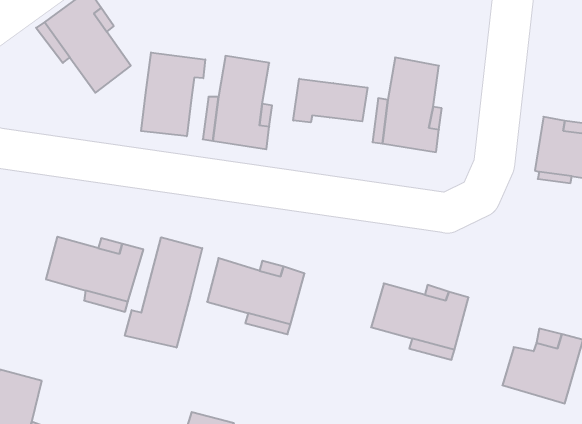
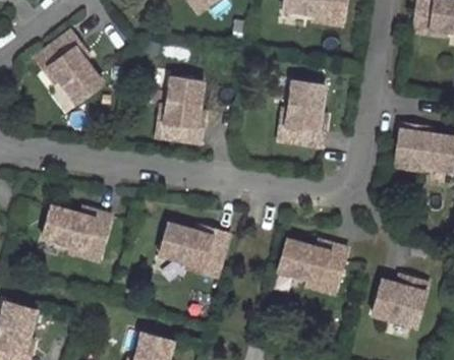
building: [141,52,205,136] -> none
building: [293,79,368,122] -> none
building: [125,237,202,348] -> none

